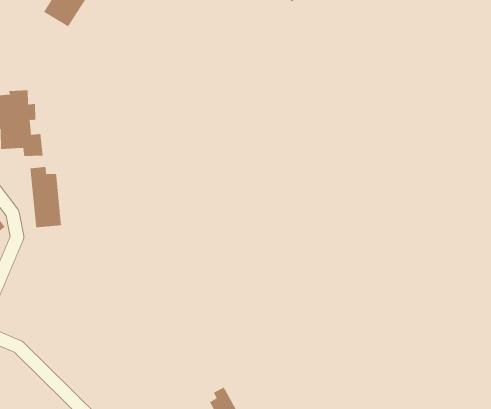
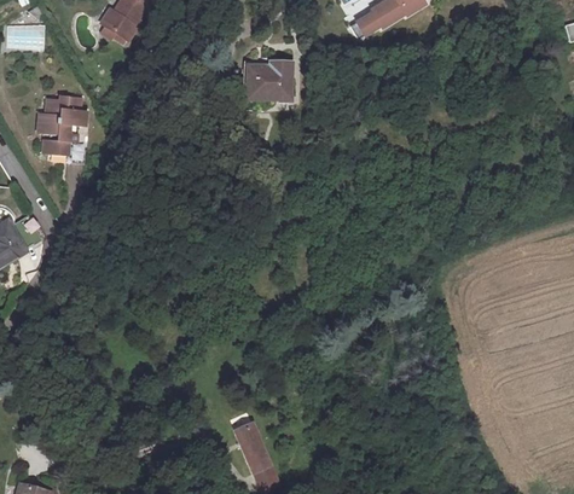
building: none -> [256,62,301,99]
building: [30,166,61,228] -> none

